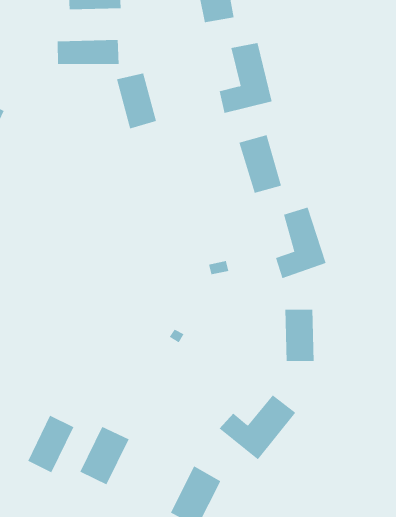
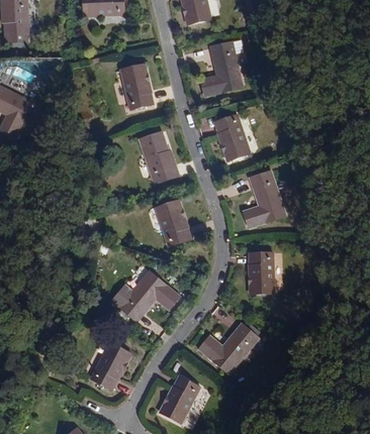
building: [57,39,119,65] -> none
building: none -> [137,131,174,184]
building: none -> [155,197,190,242]
building: none -> [119,266,179,317]
building: [27,415,74,473] -> none

